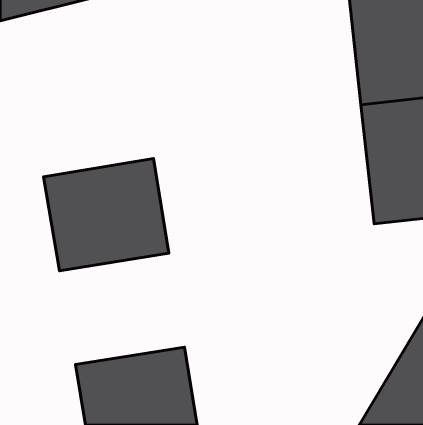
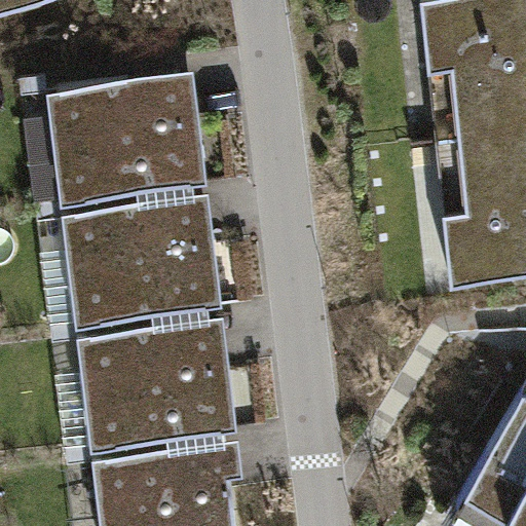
building: none -> [42,79,195,217]
building: none -> [80,310,233,447]

